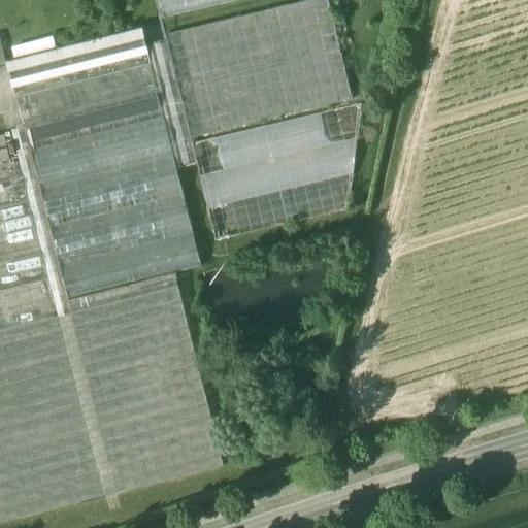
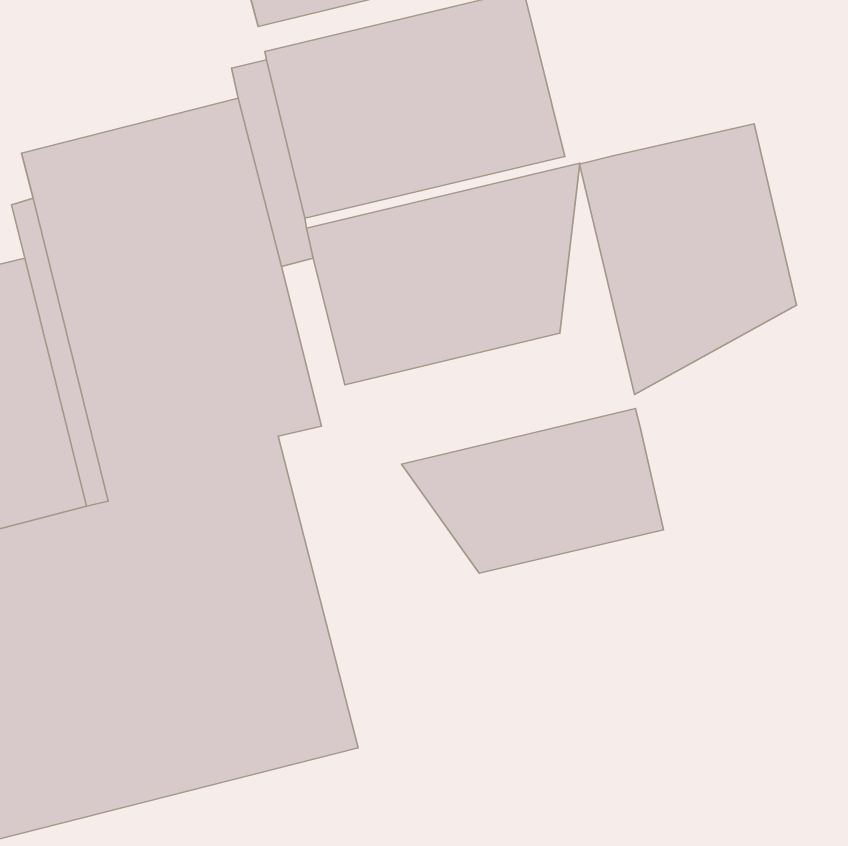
building: [4,26,147,95] -> none
building: none -> [580,124,797,395]
building: none -> [401,408,663,573]

